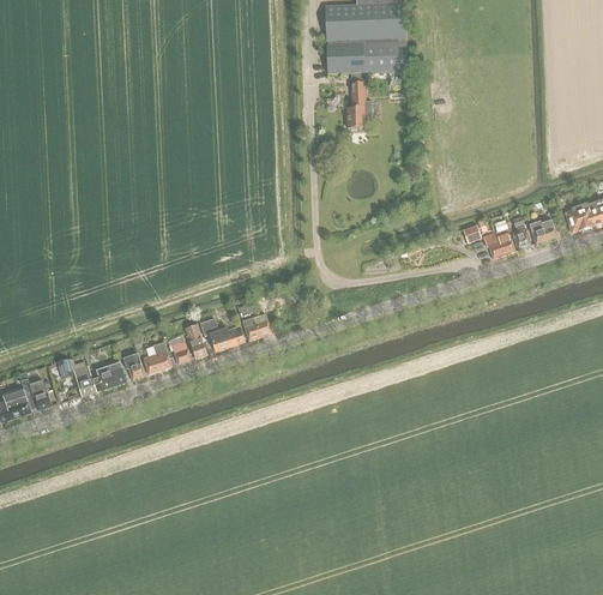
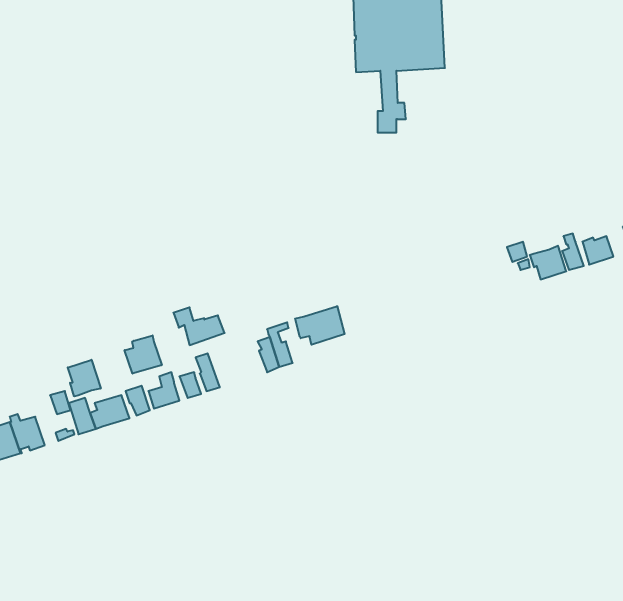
building: none -> [295,306,345,345]
building: none -> [125,335,162,374]
building: [199,318,245,351] -> [173,307,225,345]
building: none -> [68,360,101,396]

